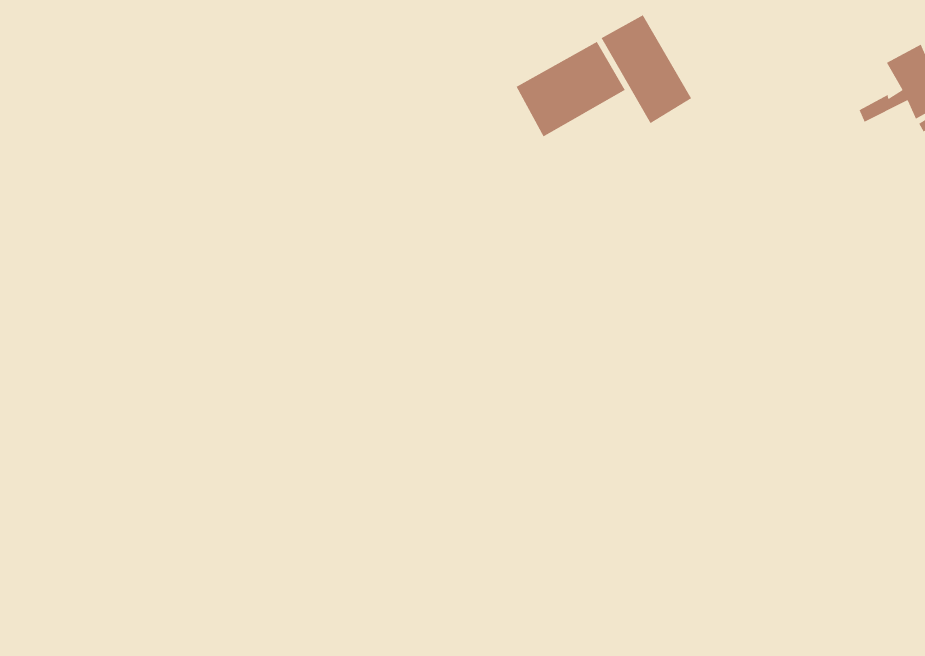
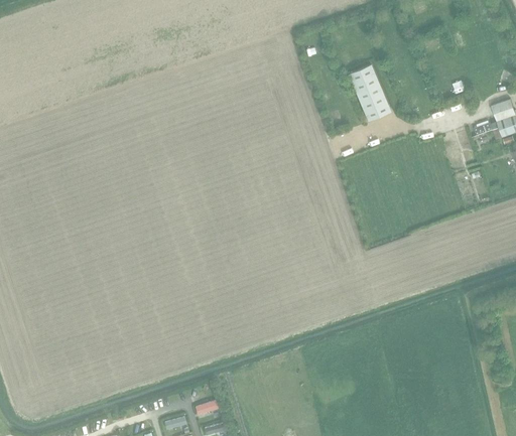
building: [516,41,626,137] -> none

